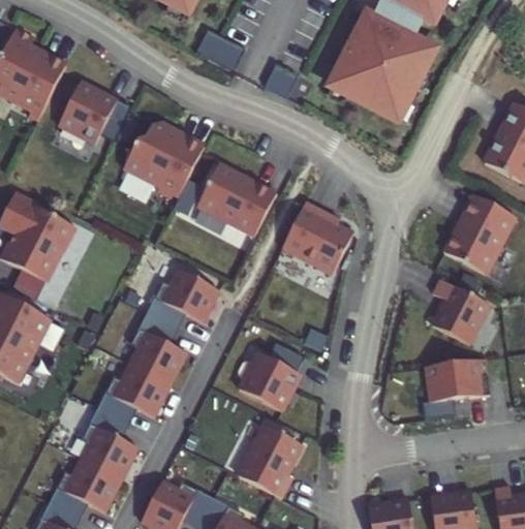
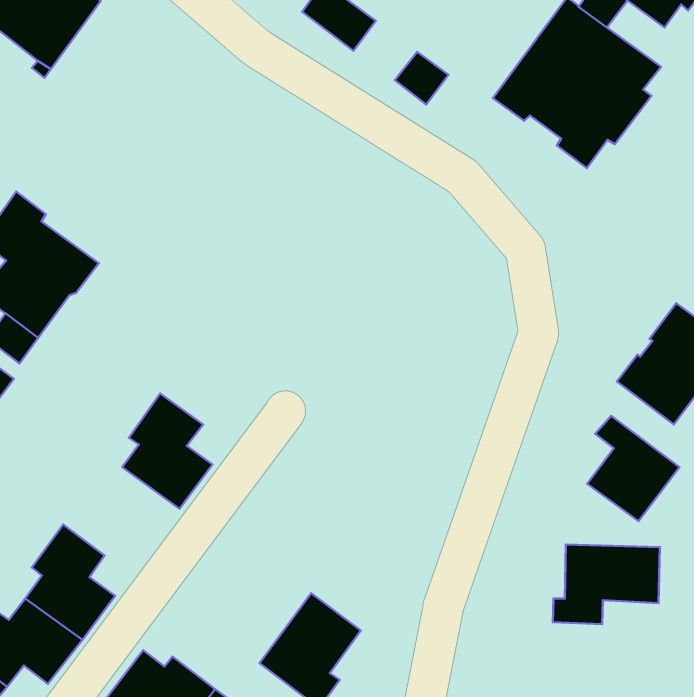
building: [57,82,130,144] -> none
building: [122,120,204,196] -> none
building: [198,163,276,236] -> none
building: [281,200,352,274] -> none
building: [146,269,219,328] -> none
building: [238,343,303,410] -> none
building: [97,364,171,423] -> none

